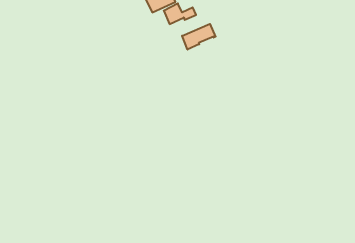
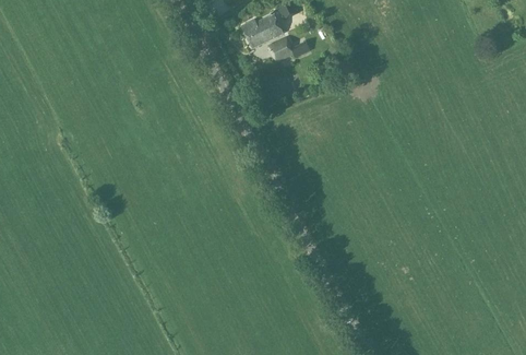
building: [182,24,216,50] -> none

